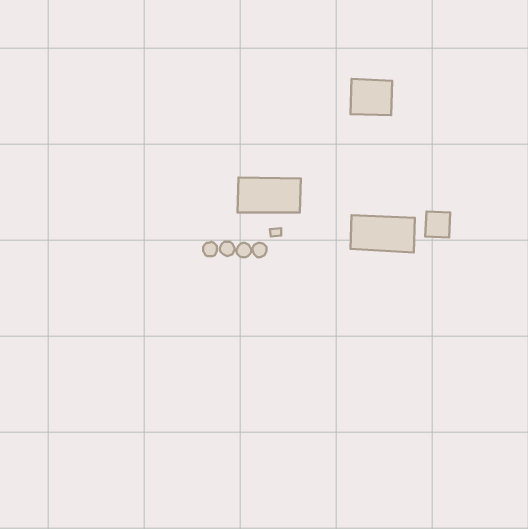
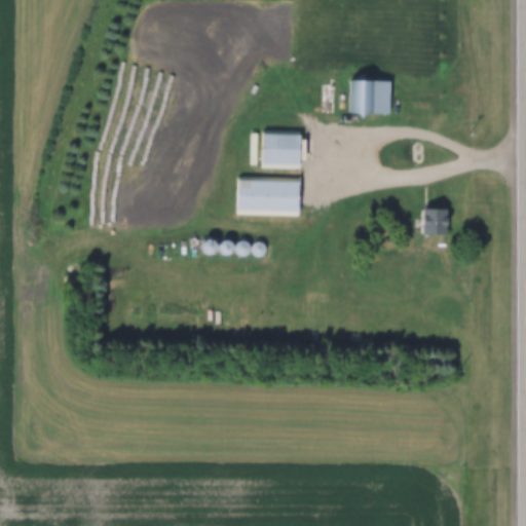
building: none -> [262,129,300,165]
building: [351,215,415,253] -> none

